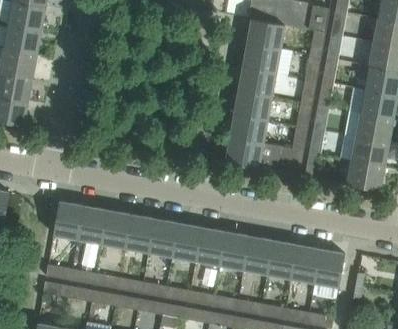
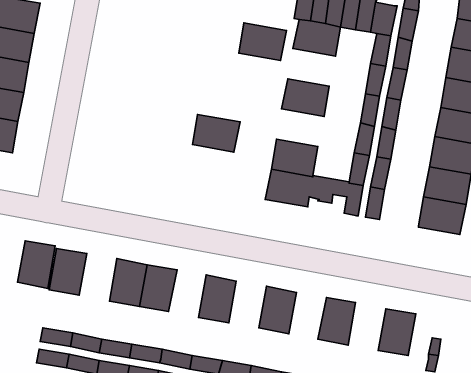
building: [242,43,280,73] -> [239,23,287,61]
building: [233,91,271,121] -> [192,114,240,152]
building: [76,206,106,244] -> [18,241,55,289]
building: [147,219,177,257] -> none
building: [195,228,225,265] -> none
building: [243,237,273,274] -> none
building: [290,245,320,283] -> none

